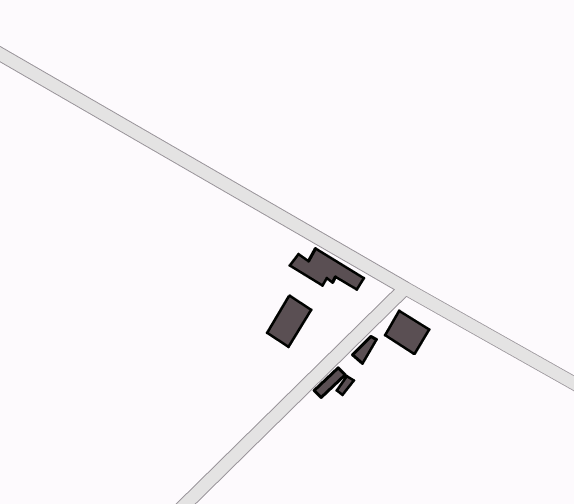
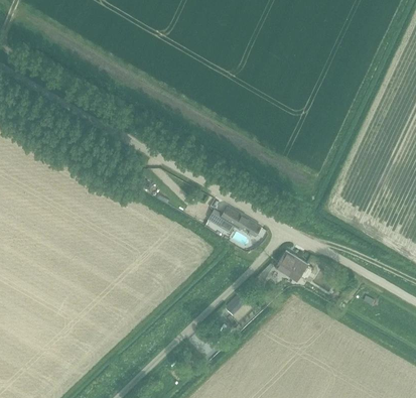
building: [267,296,311,347] -> none

